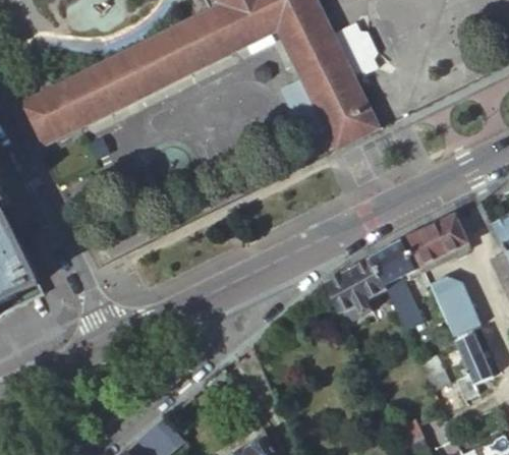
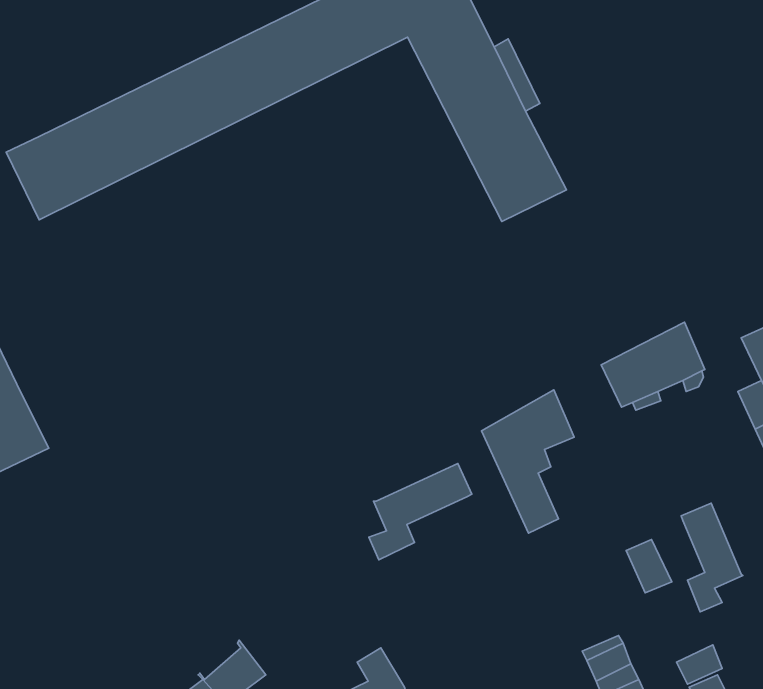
building: [372,240,426,321] -> none
building: [430,277,480,338] -> none
building: none -> [369,463,472,560]

